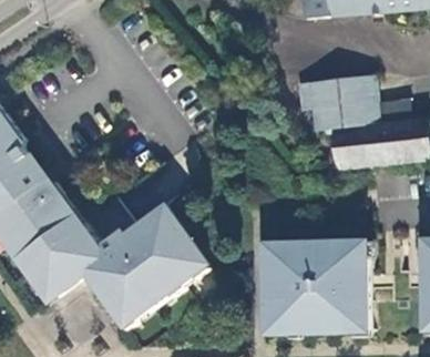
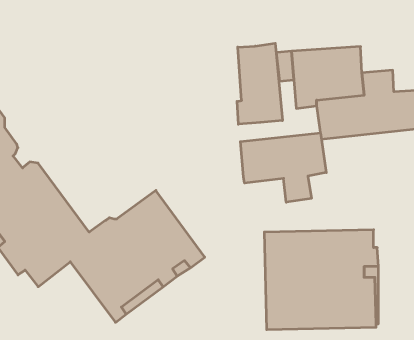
building: none -> [237,43,282,124]
building: none -> [240,133,326,202]

